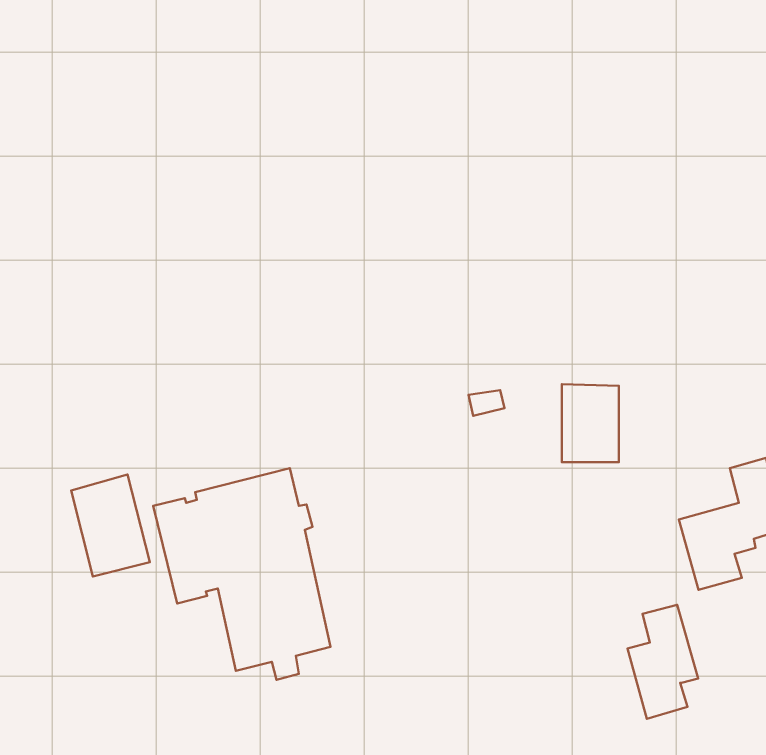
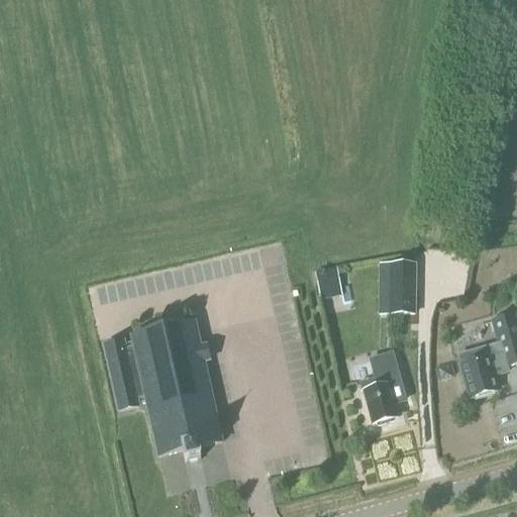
building: [71,474,150,576] -> none
building: [627,605,698,719] -> [359,348,407,425]

